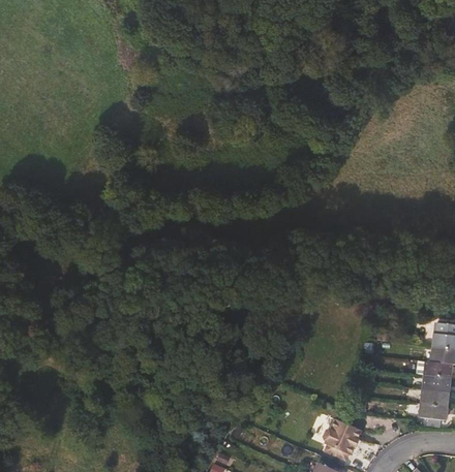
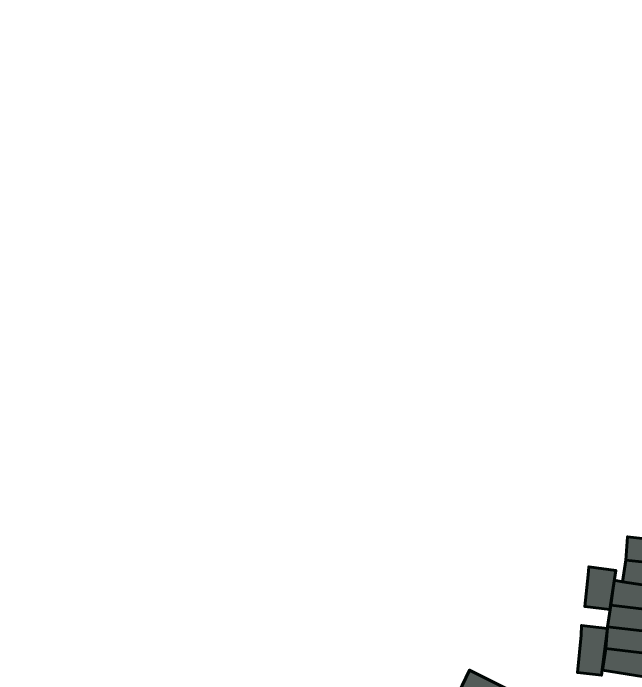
building: none -> [585,567,616,610]
building: none -> [577,626,608,675]

